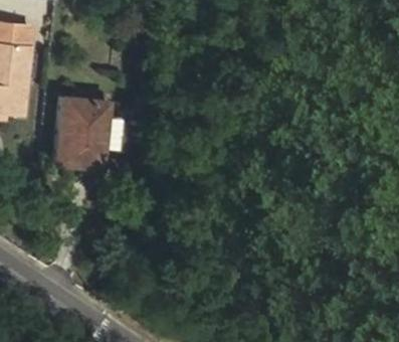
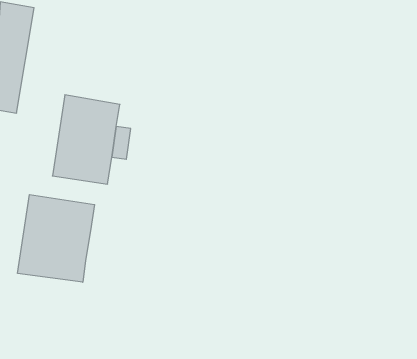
building: none -> [18,195,95,282]

